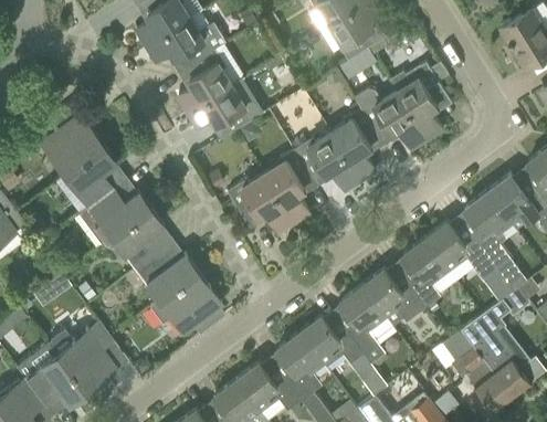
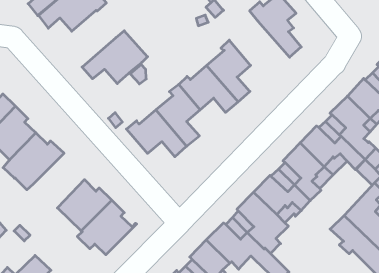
building: [177,49,231,112] -> none
building: [355,88,428,148] -> none
building: [109,208,169,270] -> none

